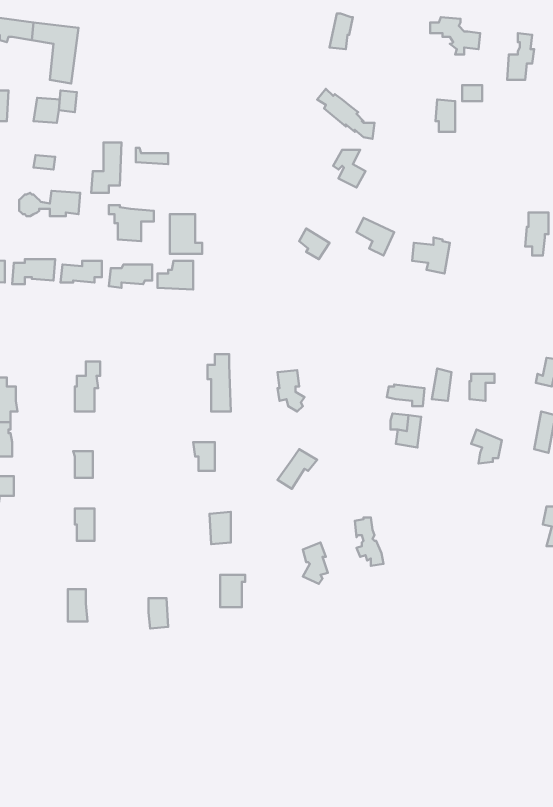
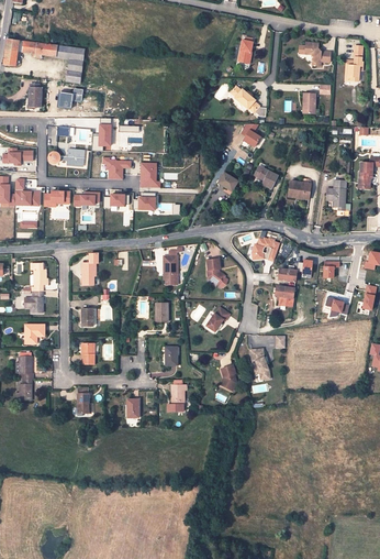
building: none -> [325,179,345,210]
building: none -> [252,238,279,261]

